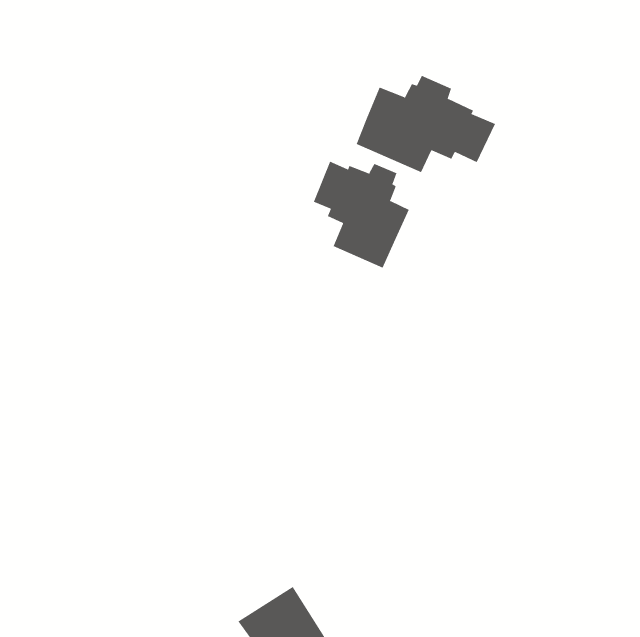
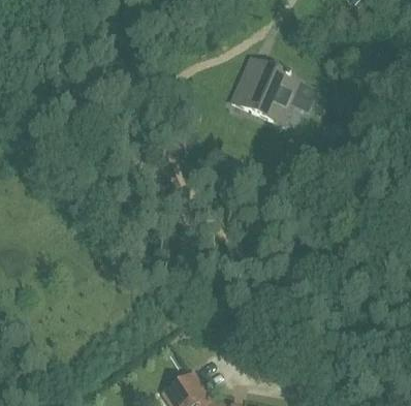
building: [313,161,409,268] -> none

